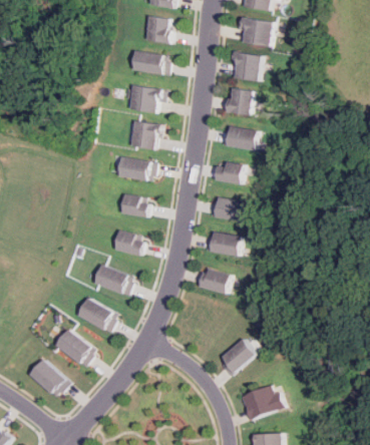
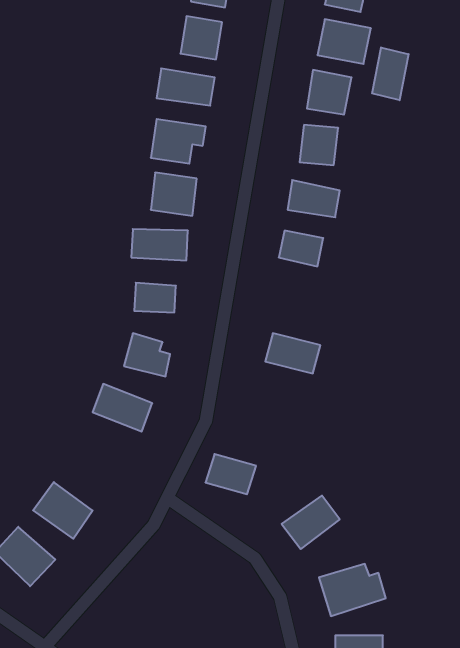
building: none -> [372,47,409,100]
building: [210,196,246,224] -> none
building: [197,266,231,293] -> [205,454,256,494]
building: [73,296,115,331] -> none

